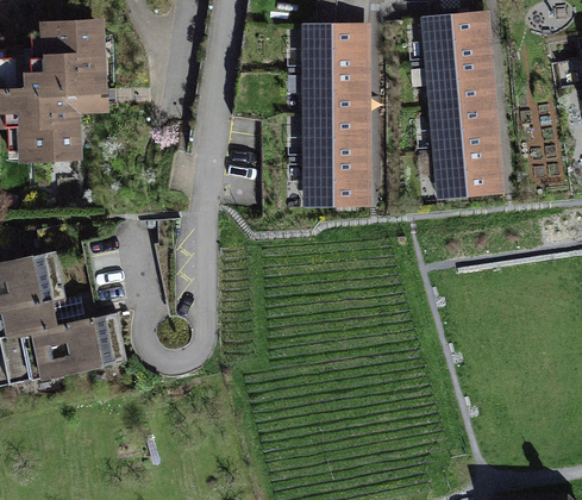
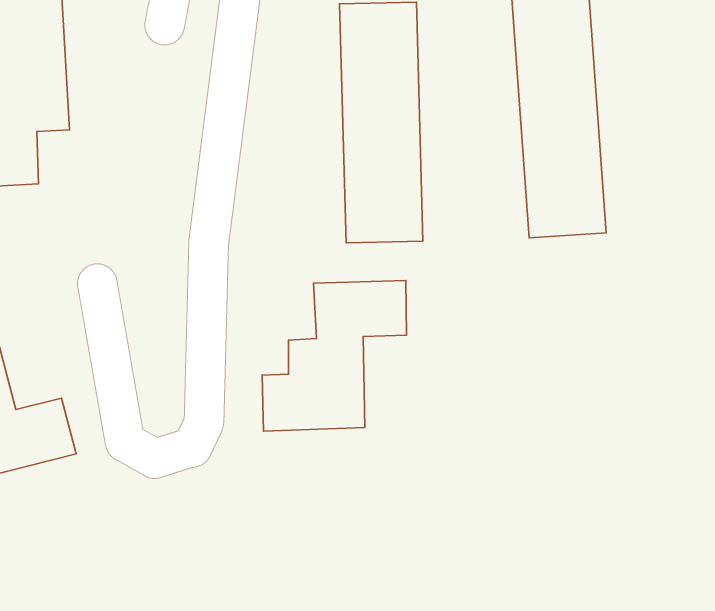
building: none -> [262,281,407,431]

